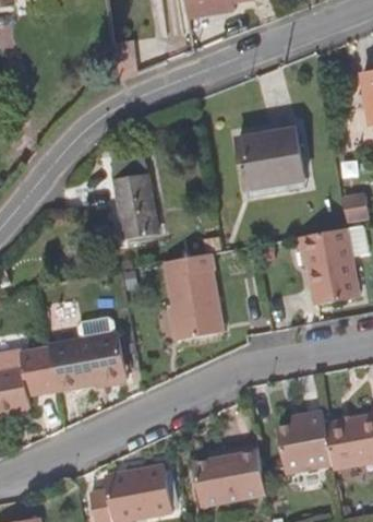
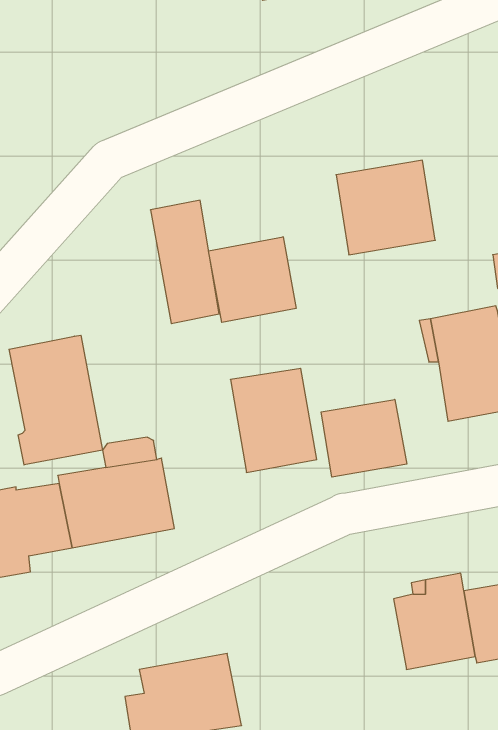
building: none -> [209,237,296,322]
building: none -> [9,335,102,465]
building: none -> [321,399,407,477]
building: [192,442,265,506] -> none

